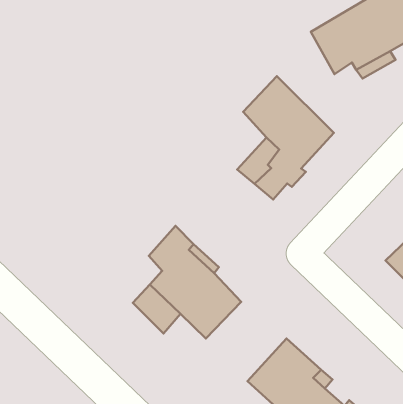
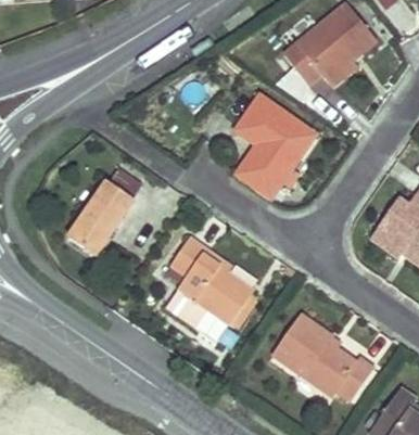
building: none -> [69,176,136,252]

